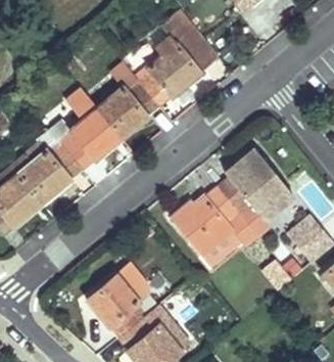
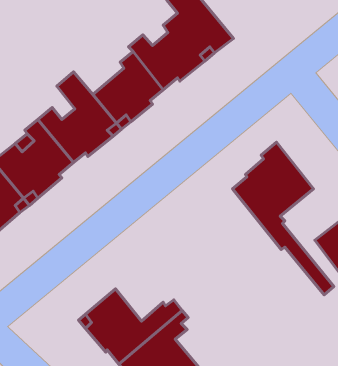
building: [172,188,258,255] -> none

